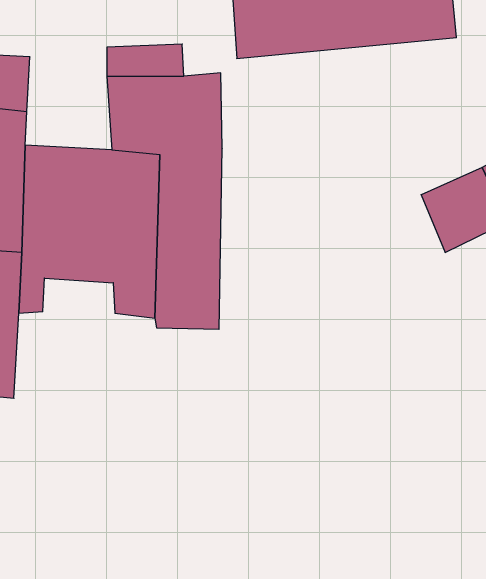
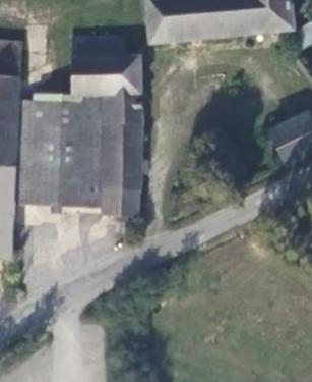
building: none -> [29,183,75,206]

